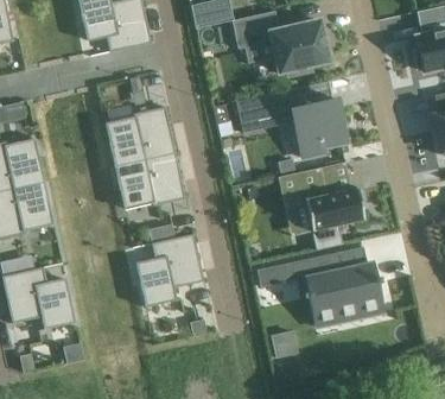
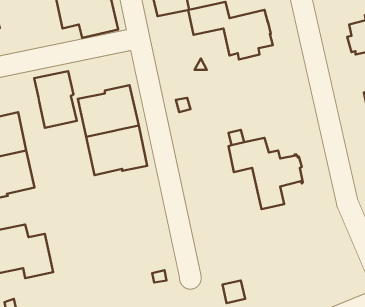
building: [234,81,345,159] -> none
building: none -> [34,71,77,128]
building: [134,234,202,308] -> none
building: [255,247,383,327] -> none

